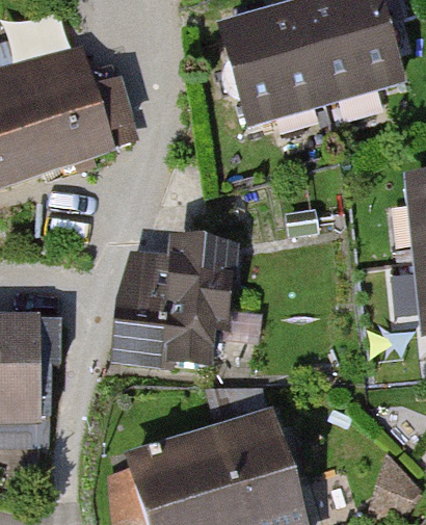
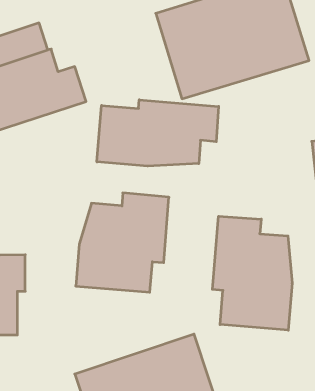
building: none -> [97,100,219,166]
building: none -> [212,216,292,330]

